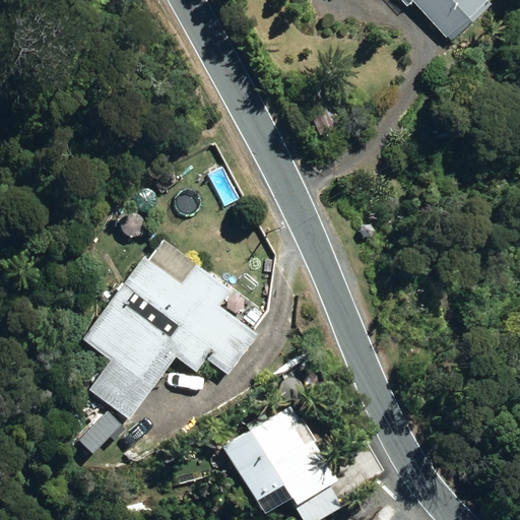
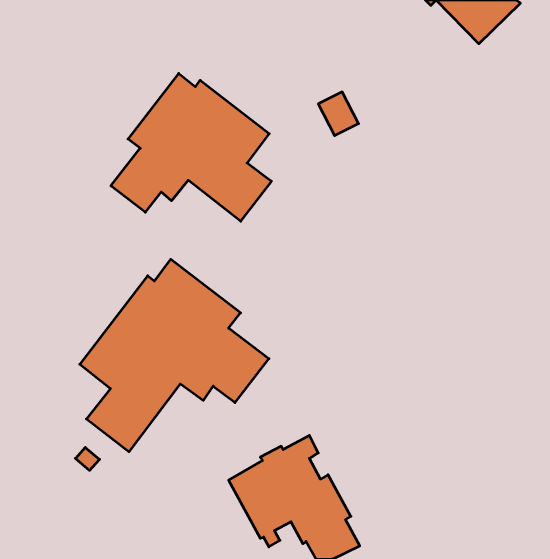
building: none -> [111,73,271,221]

